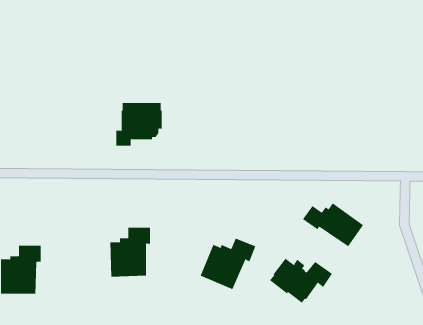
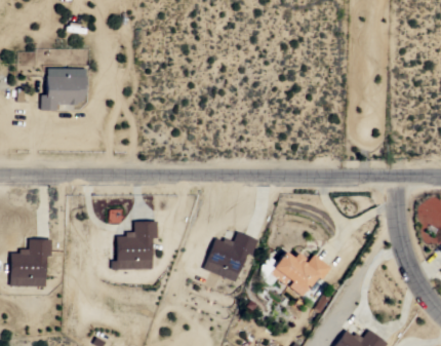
building: [116,103,162,146] -> [42,69,87,111]
building: [302,203,364,247] -> none

